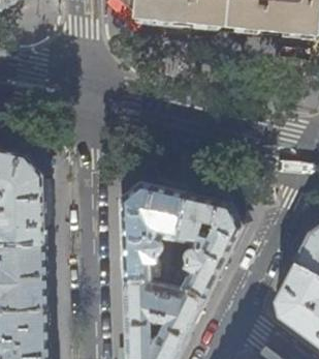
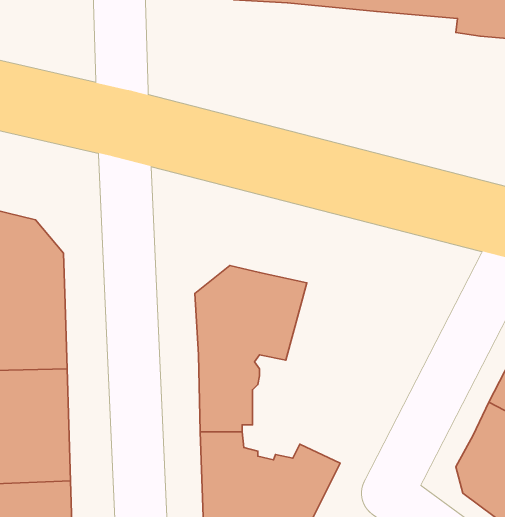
building: [171,195,242,301] -> none

